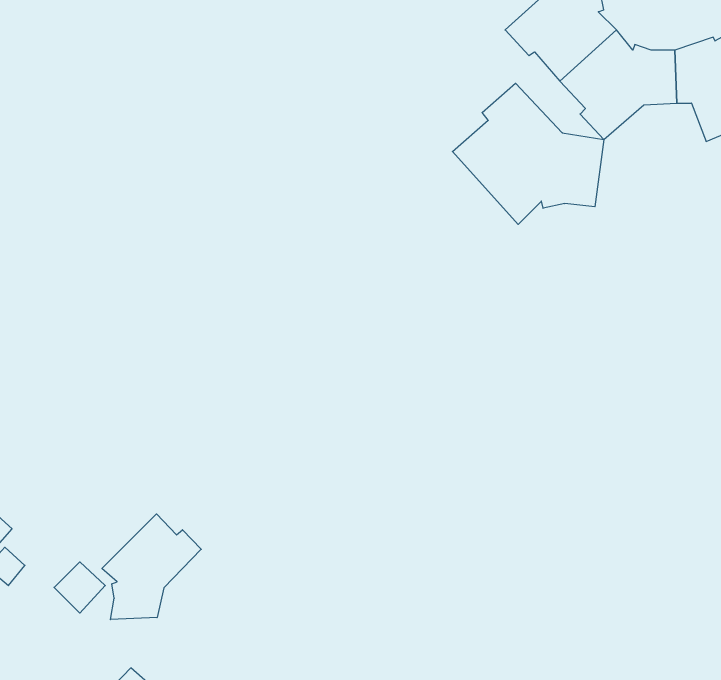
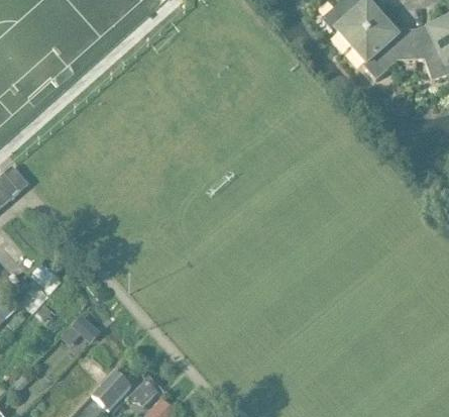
building: [452,83,604,224] -> none
building: [102,514,201,620] -> none

